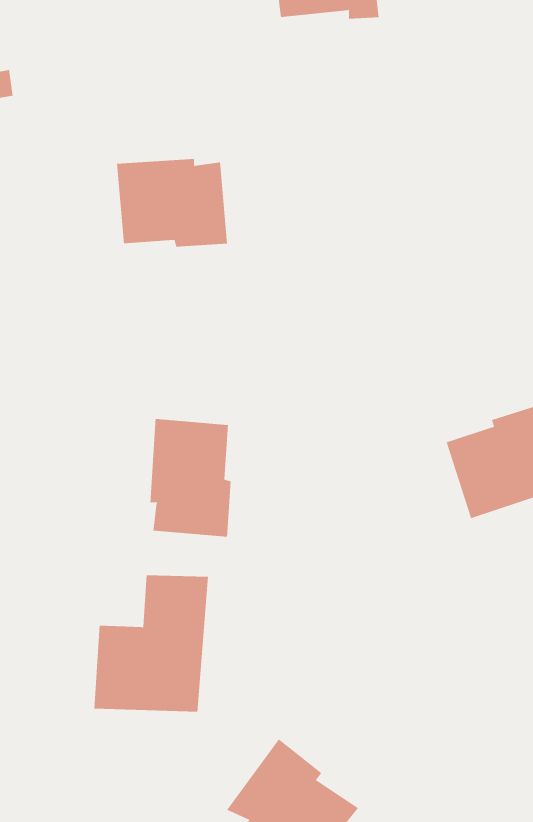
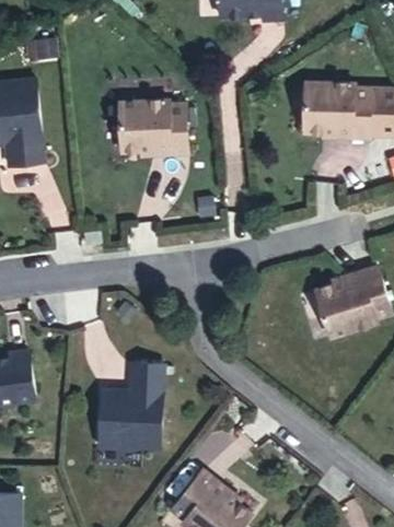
building: none -> [292,77,361,132]
building: [150,418,231,538] -> none

